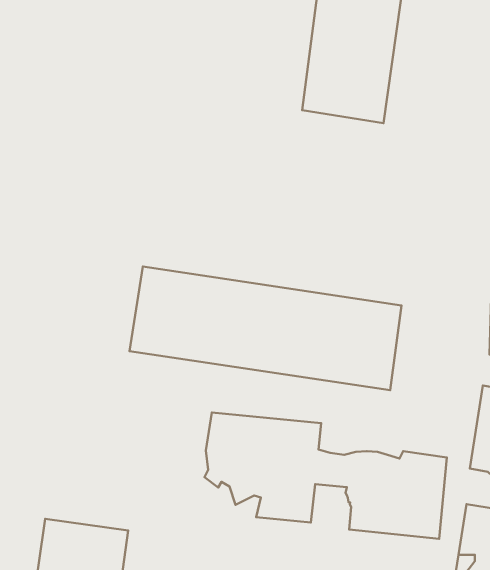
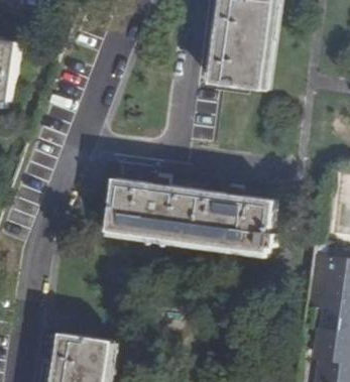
building: [205,412,447,539] -> none

